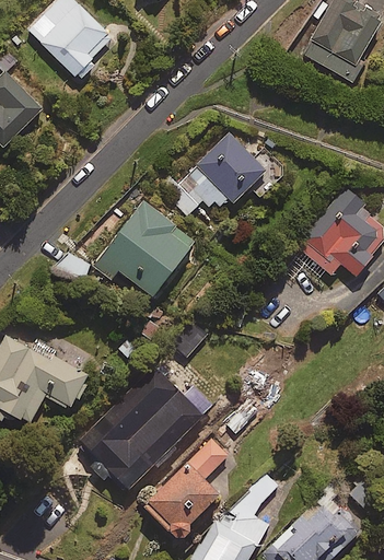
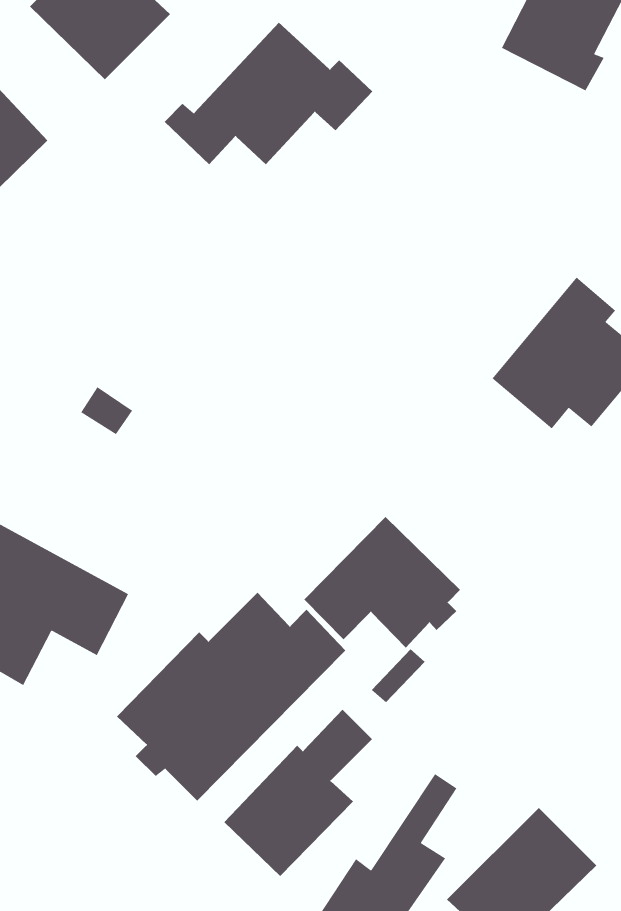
building: [162,133,283,217] -> [164,22,373,165]
building: [93,200,194,295] -> none
building: none -> [304,516,461,648]

